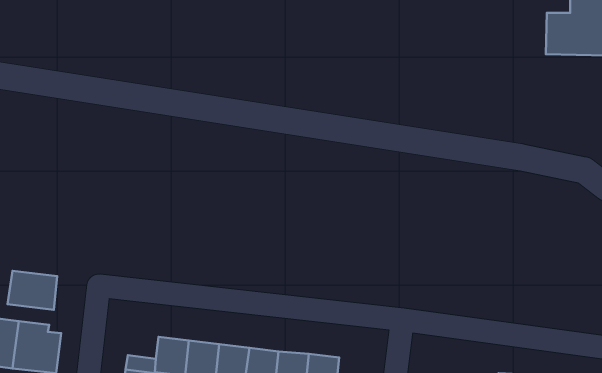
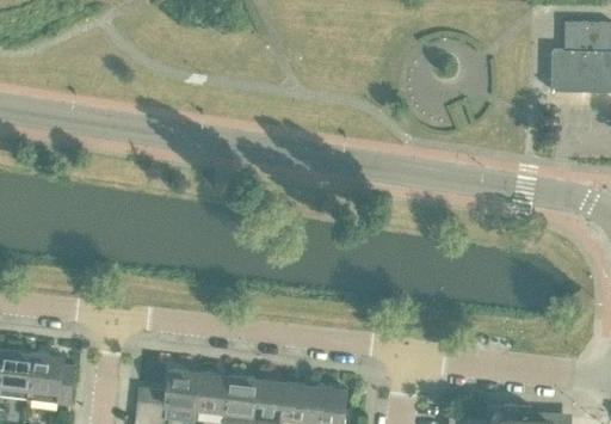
building: [8,271,57,310] -> none

